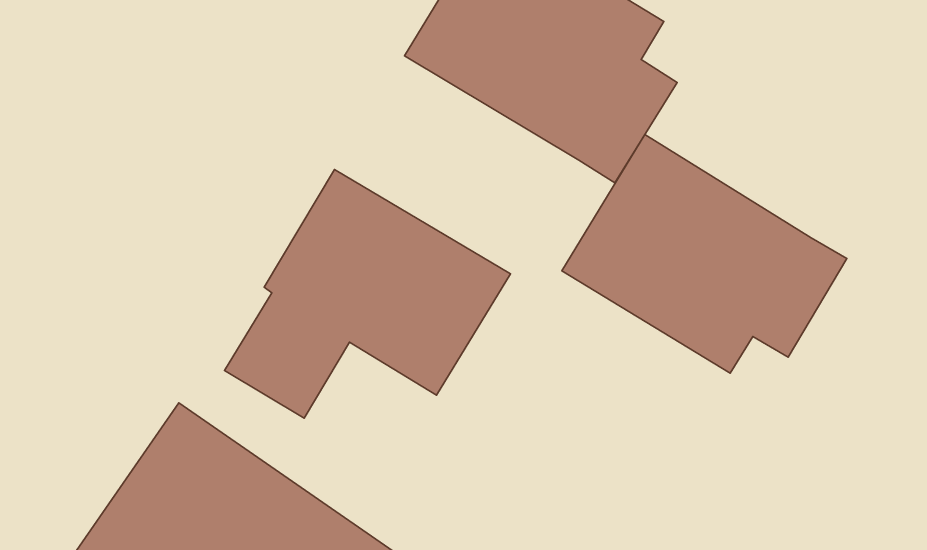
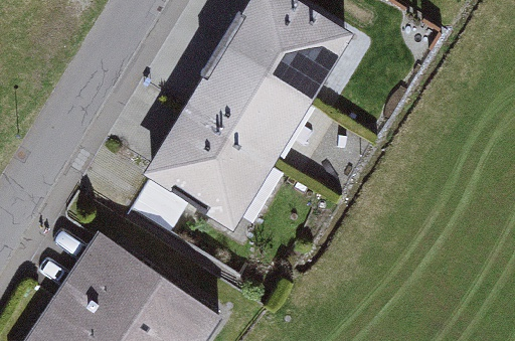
building: none -> [181,49,311,165]
building: [562,135,847,373] -> none

